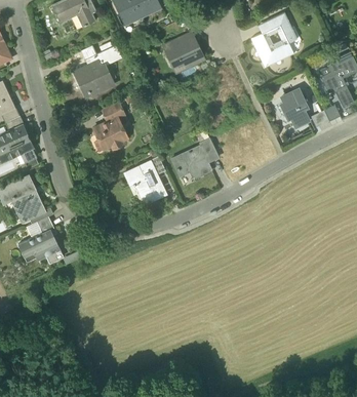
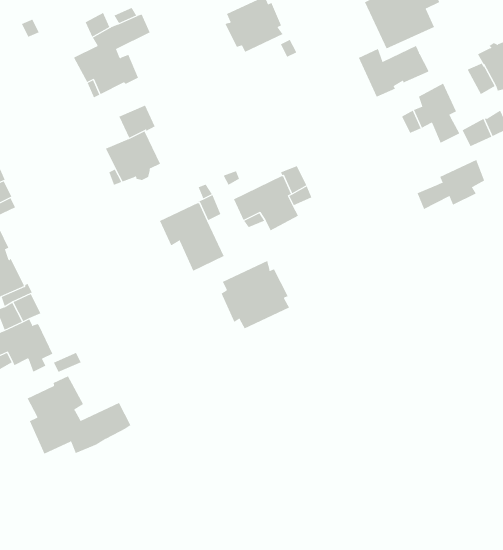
building: none -> [358,45,429,97]
building: none -> [417,159,485,210]
building: none -> [221,260,290,329]
building: none -> [27,375,131,455]

